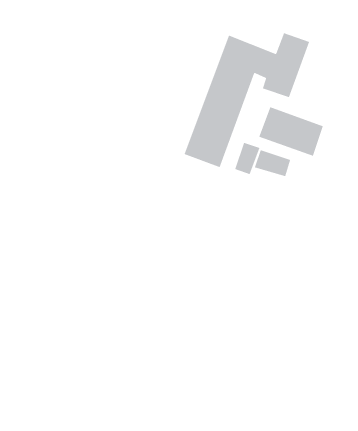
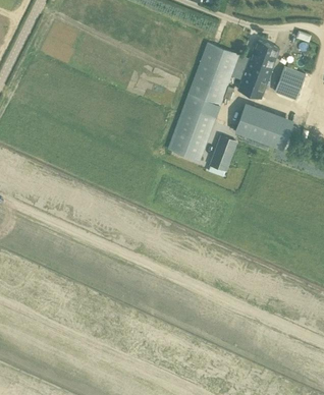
building: none -> [274,67,305,100]
building: [254,149,291,177] -> none

